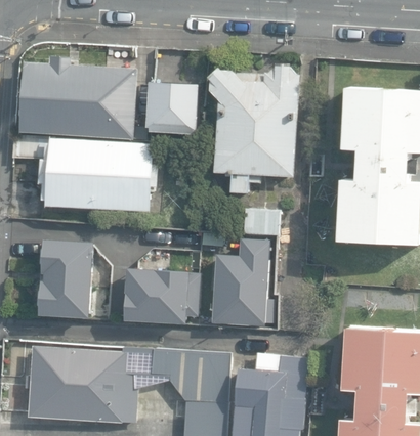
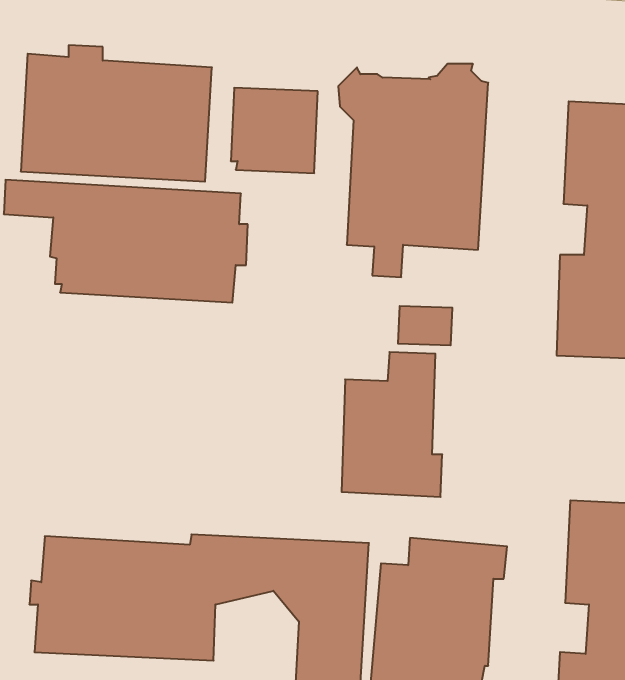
building: [36,239,91,318] -> none
building: [123,271,196,323] -> none

